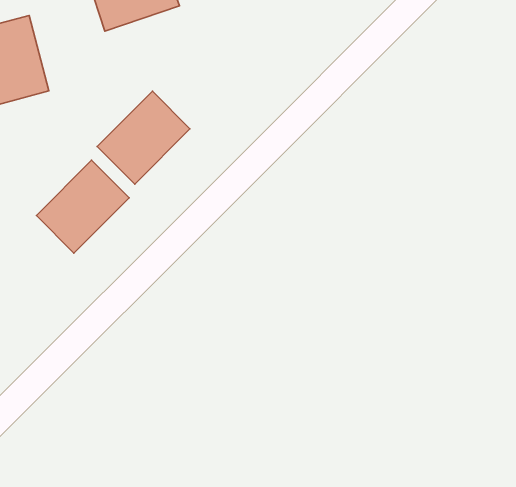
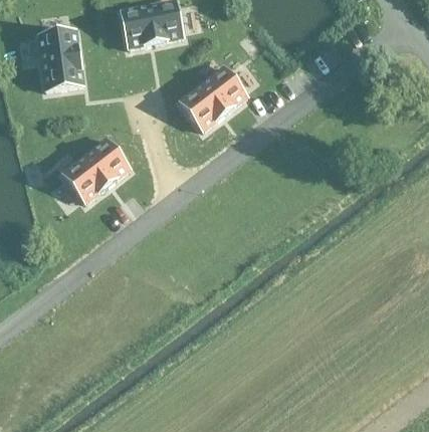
building: [97,91,190,184] -> [179,65,246,130]

